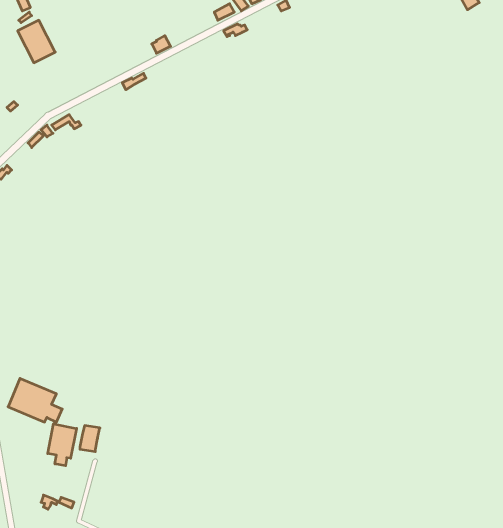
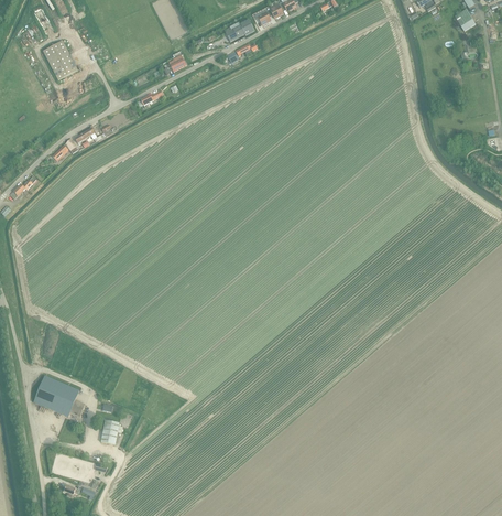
building: [48,424,77,466] -> none

